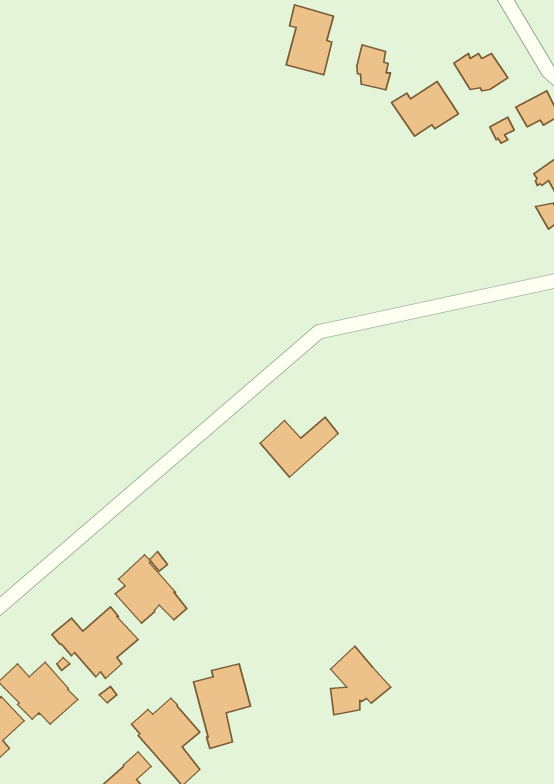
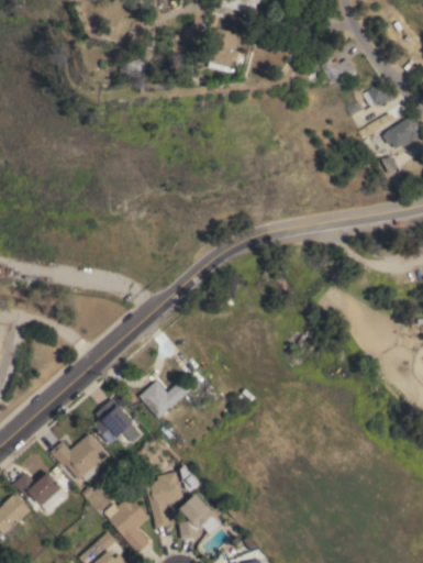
building: [357,45,390,90] -> none
building: [391,81,458,136] -> none
building: [260,417,338,477] -> [141,378,193,419]
building: [331,646,391,715] -> [180,494,221,540]

